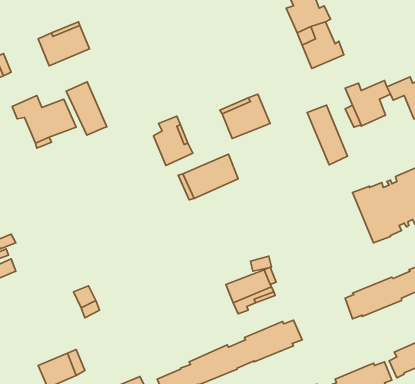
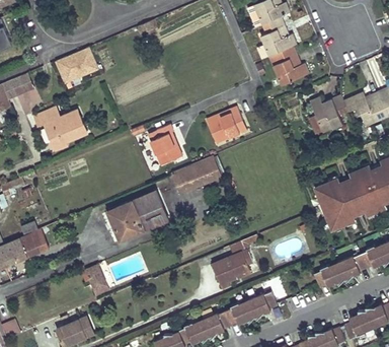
building: [66,82,107,135] -> none
building: [307,105,347,165] -> none
building: none -> [107,192,167,240]

